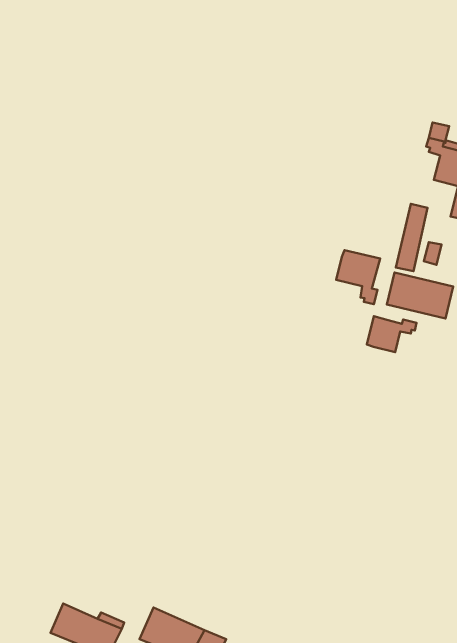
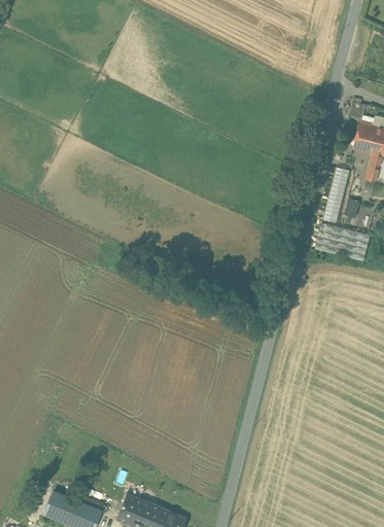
building: [336,250,380,304] -> none
building: [367,316,417,352] -> none

